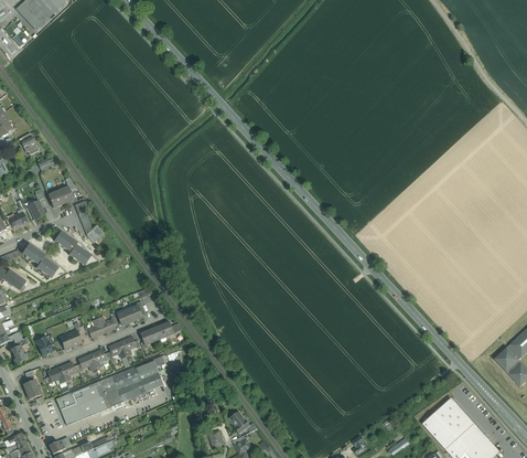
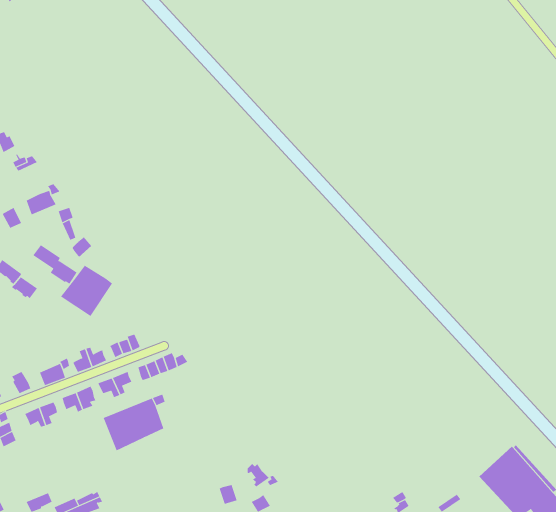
building: none -> [60,265,113,317]
building: [56,375,123,425] -> none

